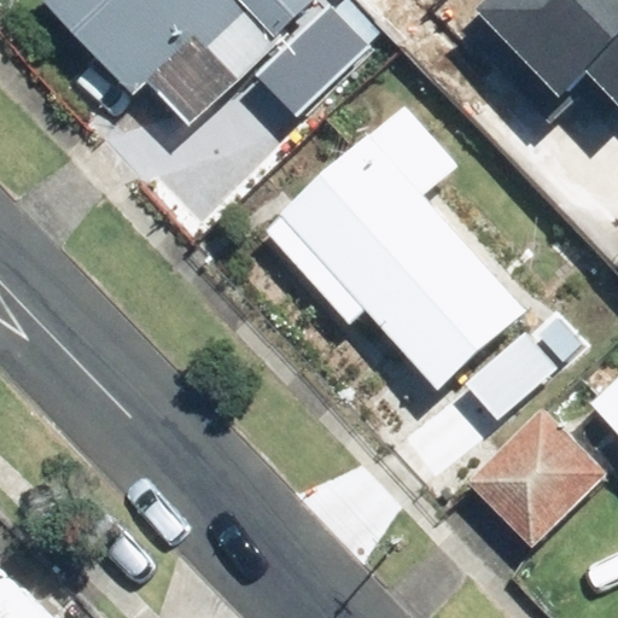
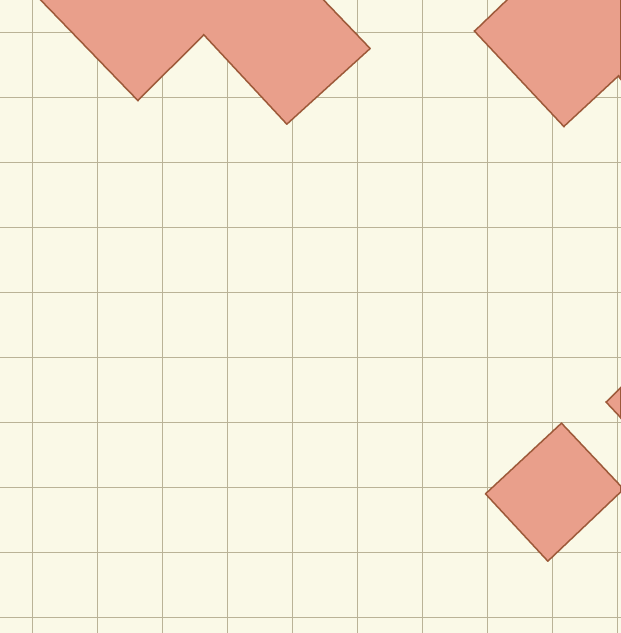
building: [281,130,521,379] -> none

